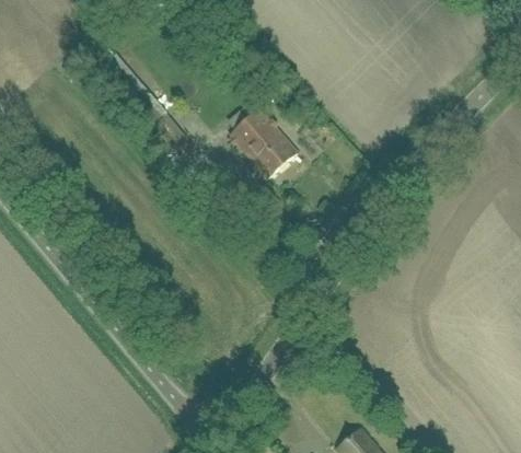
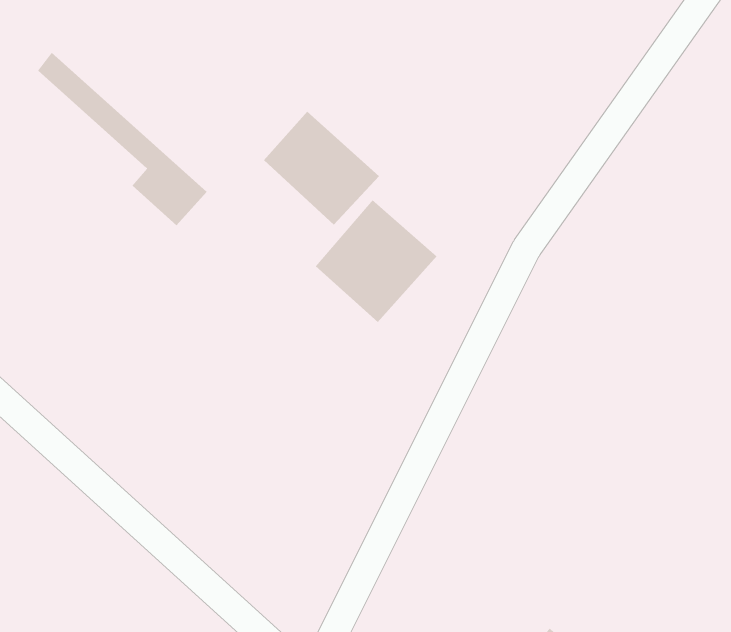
building: none -> [315,199,437,323]

